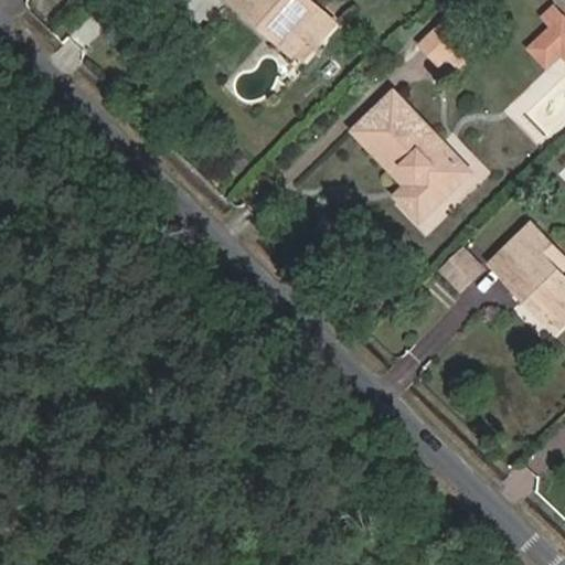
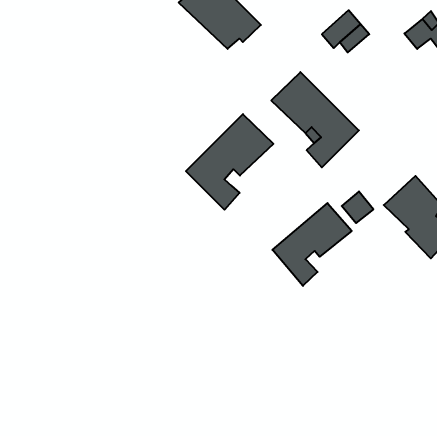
building: none -> [186,114,273,210]
building: none -> [272,203,352,286]

